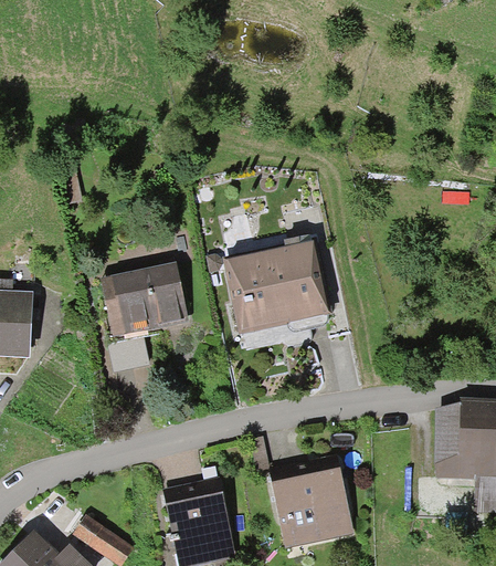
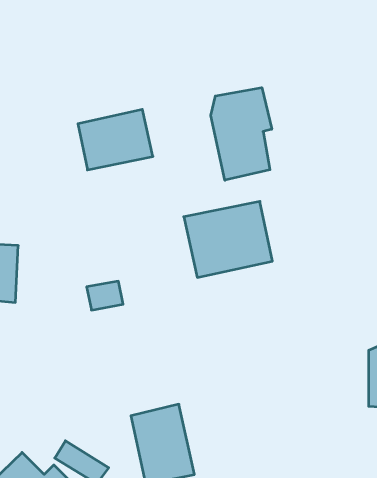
building: none -> [211,88,272,180]
building: [103,261,189,331] -> [78,109,153,170]
building: [270,459,355,551] -> none

